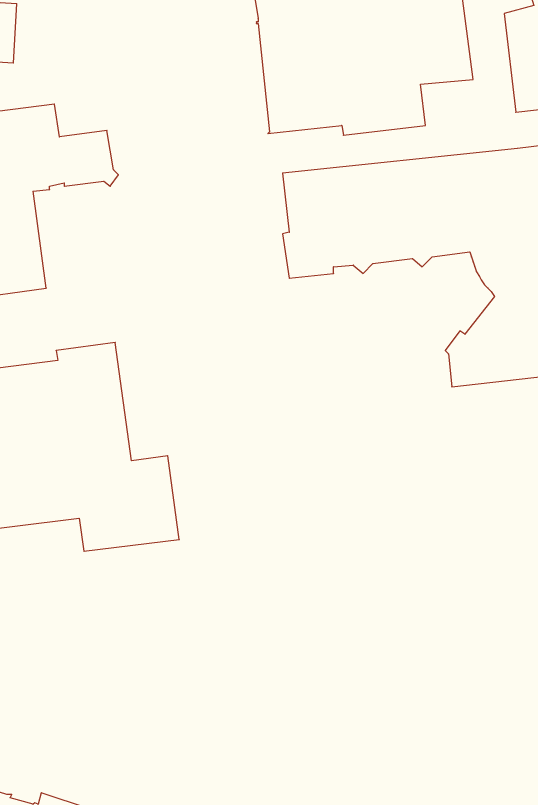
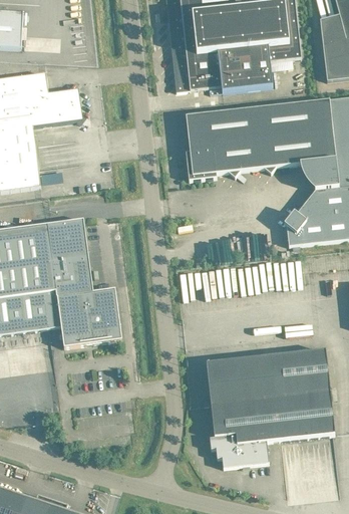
building: none -> [207,349,335,467]

